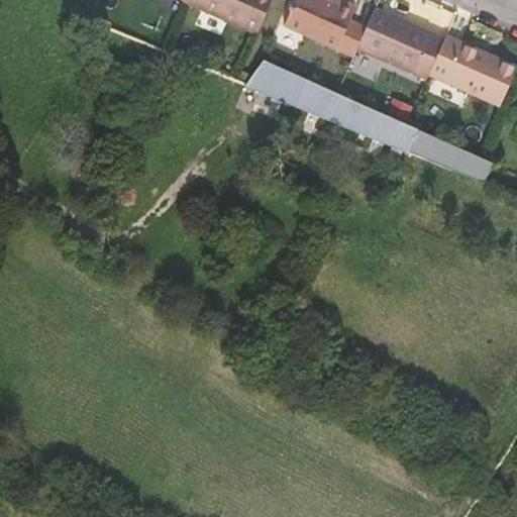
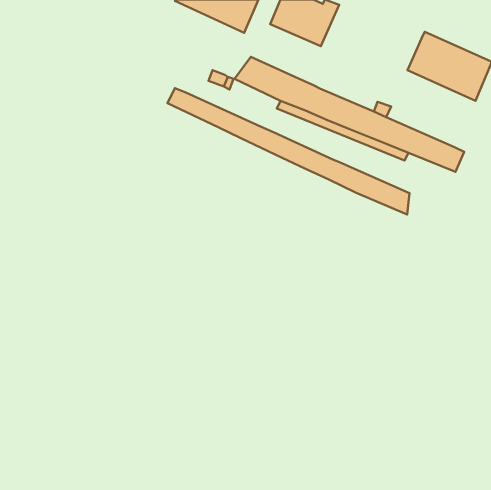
building: [356,6,444,79] -> none
building: none -> [168,88,410,215]

